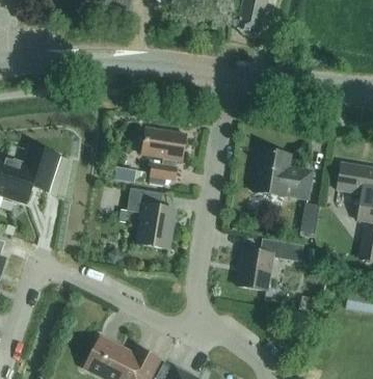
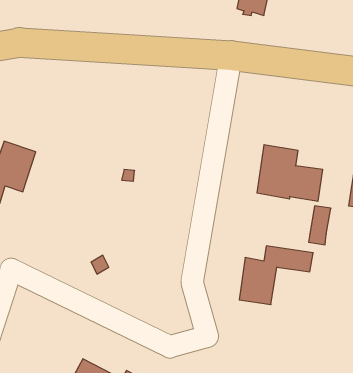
building: [141,128,186,180] -> none
building: [127,187,174,248] -> none

